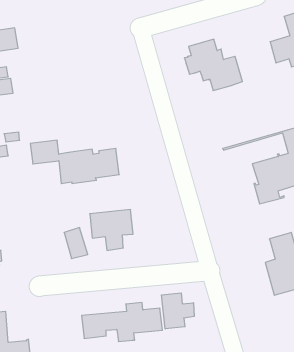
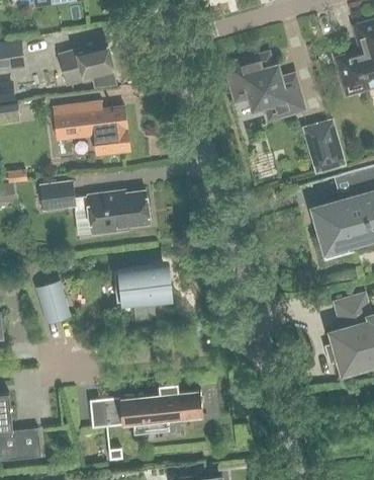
building: none -> [60,43,116,87]
building: none -> [53,101,129,155]
building: none -> [302,119,347,175]
building: [64,228,88,259] -> [38,283,68,321]
building: [162,293,194,329] -> none

